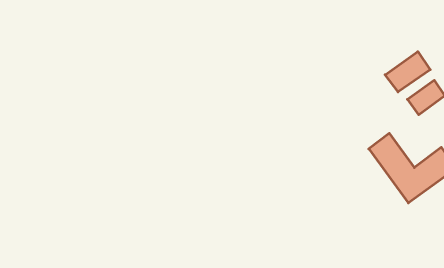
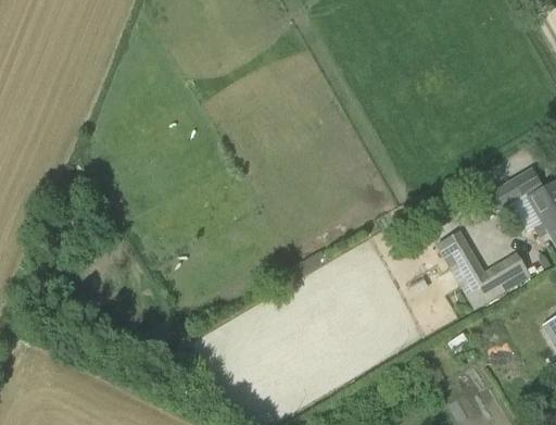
building: [385,52,430,92] -> none

